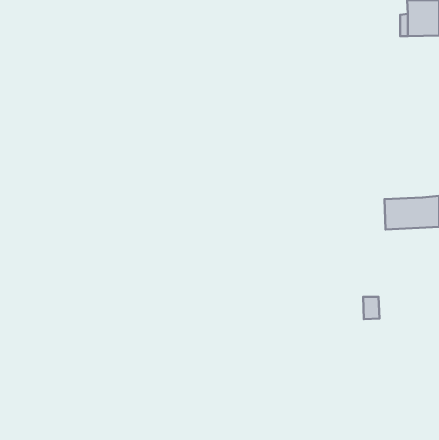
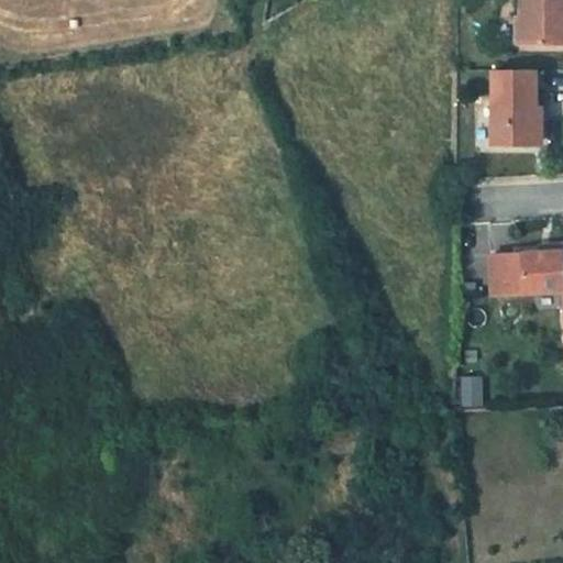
building: none -> [498,70,539,142]

